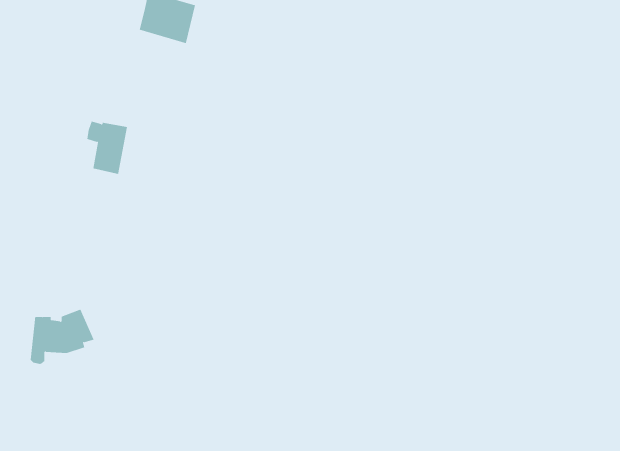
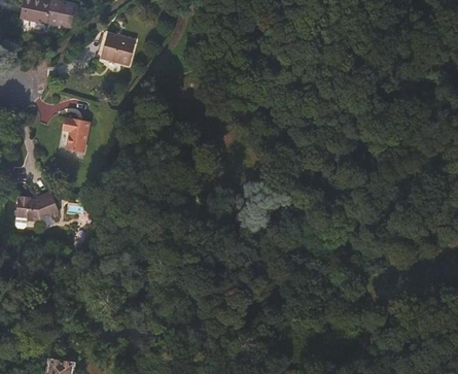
building: [30,309,95,364] -> [15,192,59,229]

